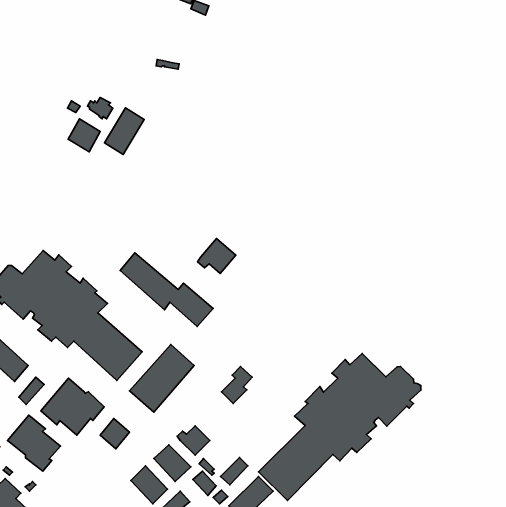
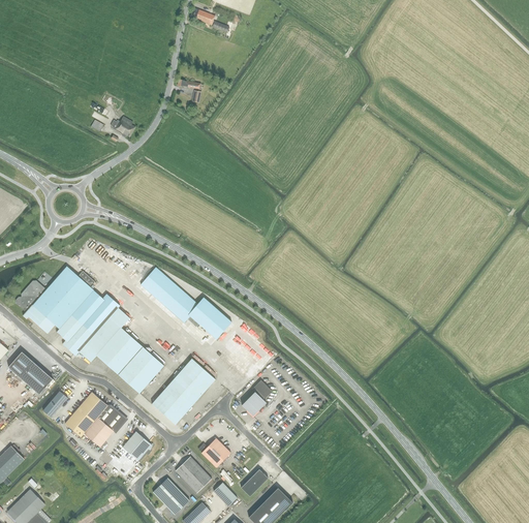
building: [104,108,144,155] -> none
building: [68,119,100,152] -> none
building: [197,238,236,273] -> none
building: [259,353,421,500] -> none
building: [8,415,60,471] -> none

